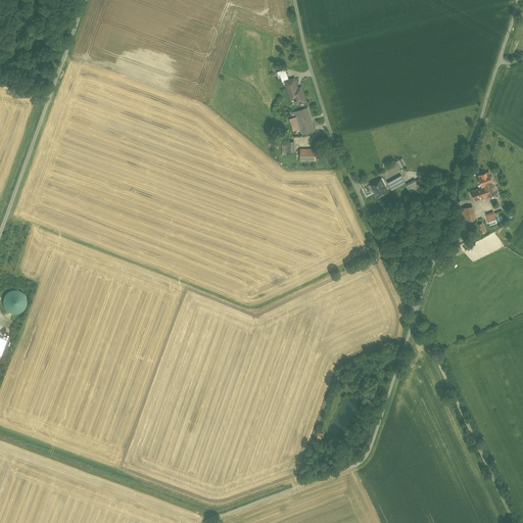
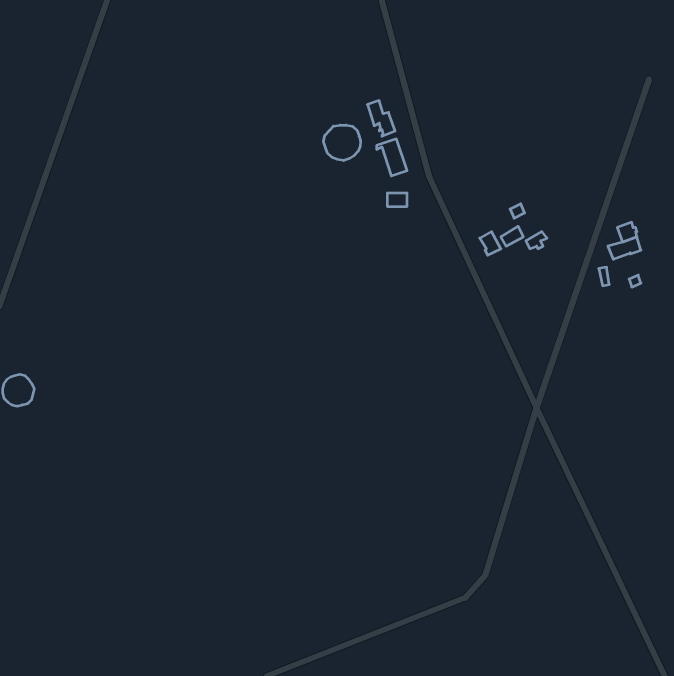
building: none -> [323,125,360,161]

